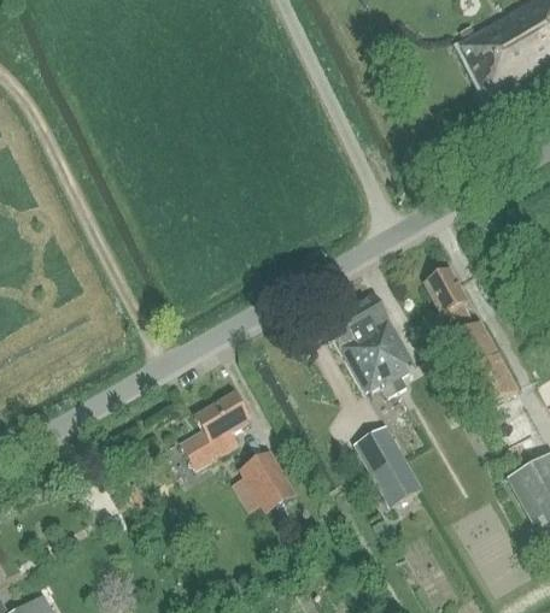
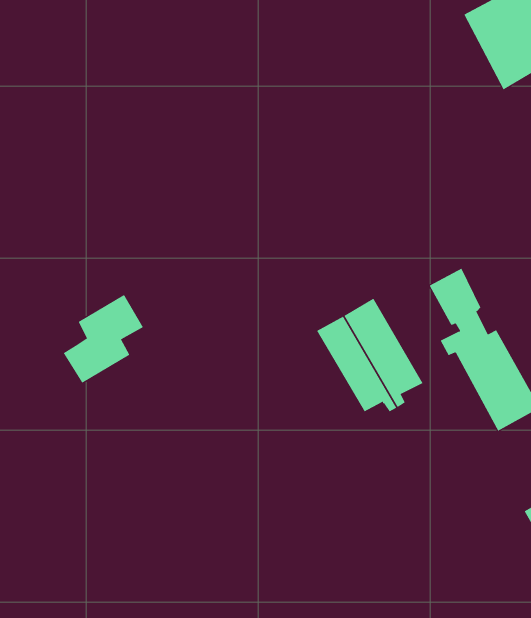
building: [179,390,250,468] -> [63,294,144,384]
building: [352,424,422,506] -> none
building: [241,453,296,511] -> none

